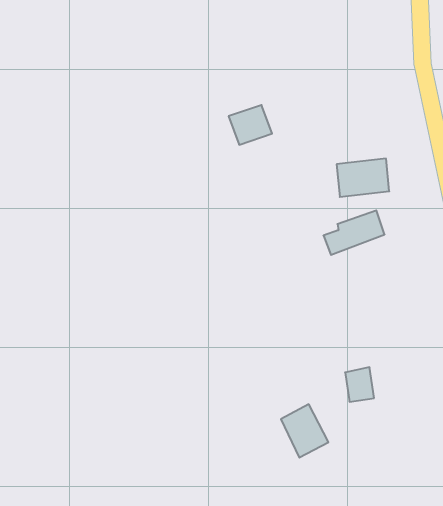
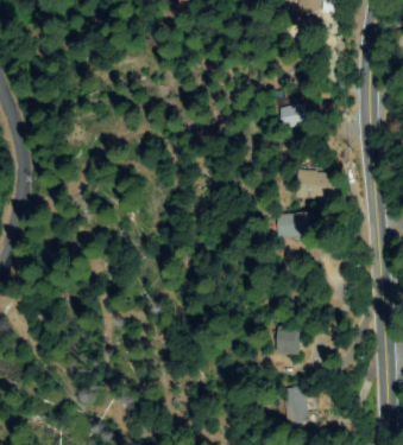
building: [229,105,272,145] -> [277,102,308,129]
building: [281,404,328,458] -> [279,386,313,425]

